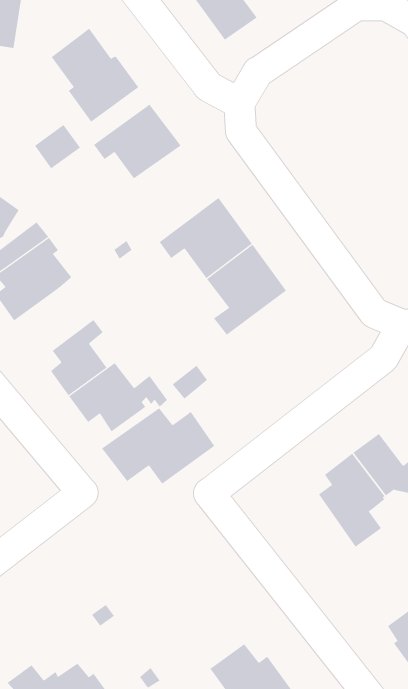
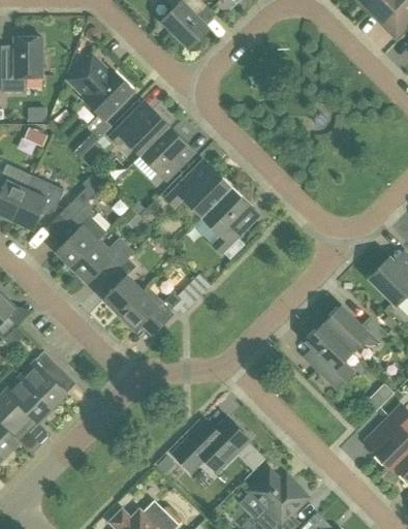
building: none -> [139,127,195,183]
building: none -> [71,241,133,285]
building: [101,407,215,485] -> [169,417,249,474]

